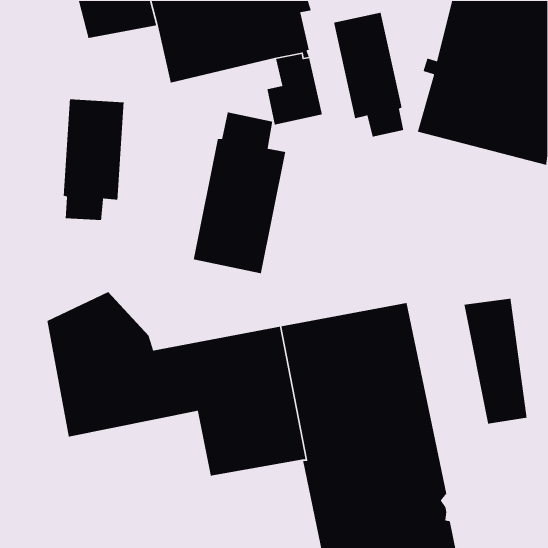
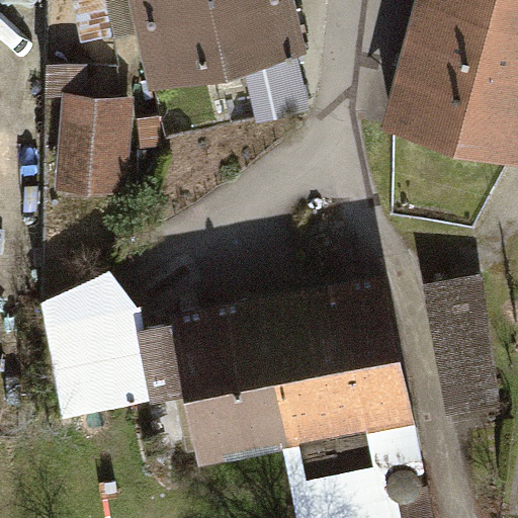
building: [333,12,404,137] -> none
building: [193,111,286,274] -> none

